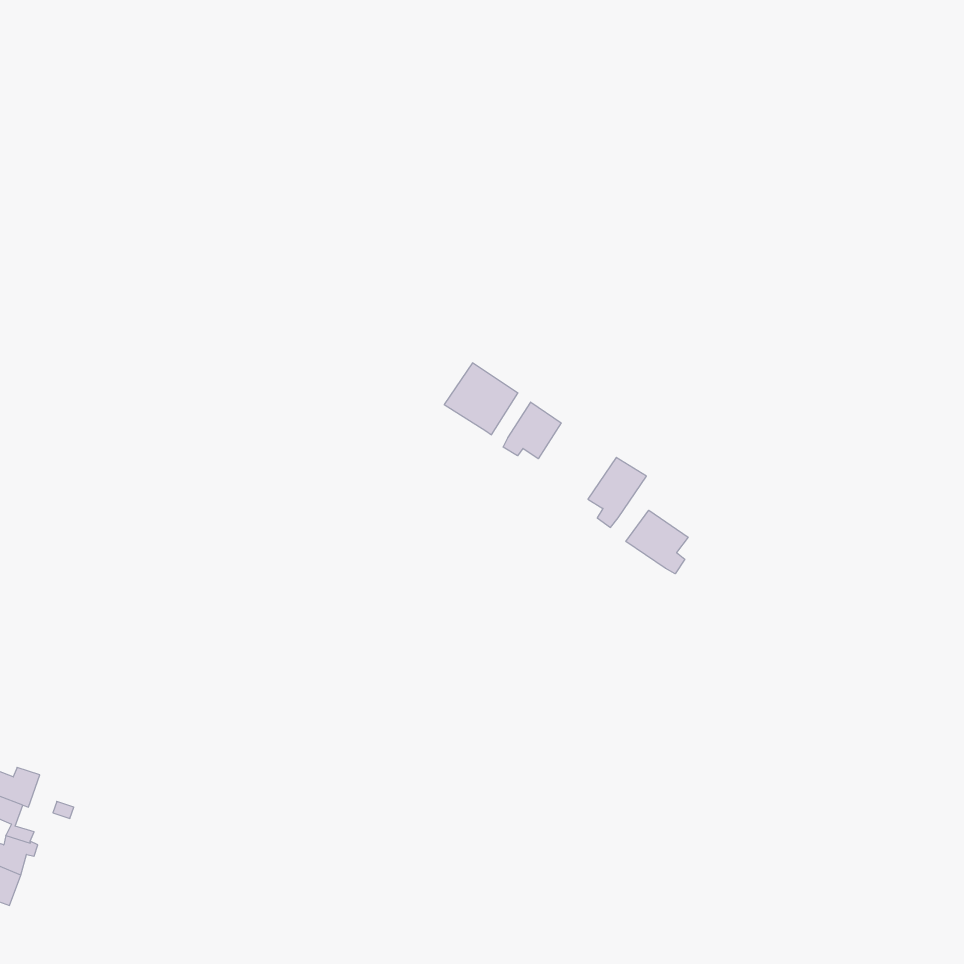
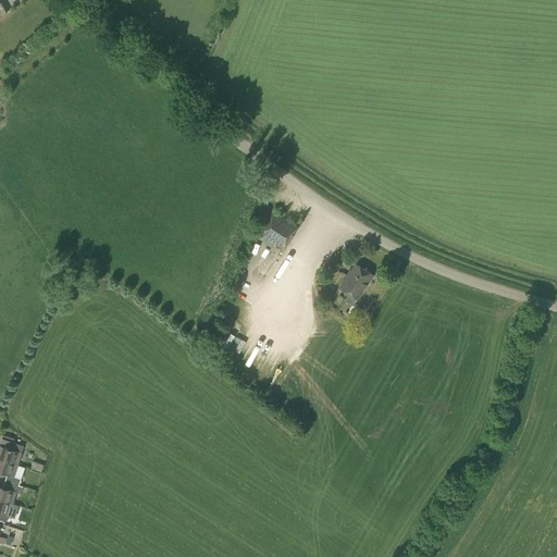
building: [503,402,561,459] -> none
building: [626,510,688,574] -> none

